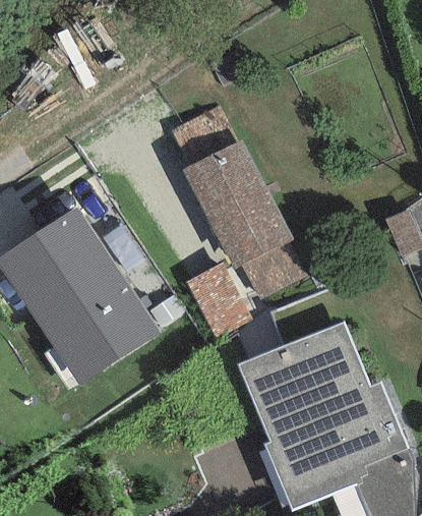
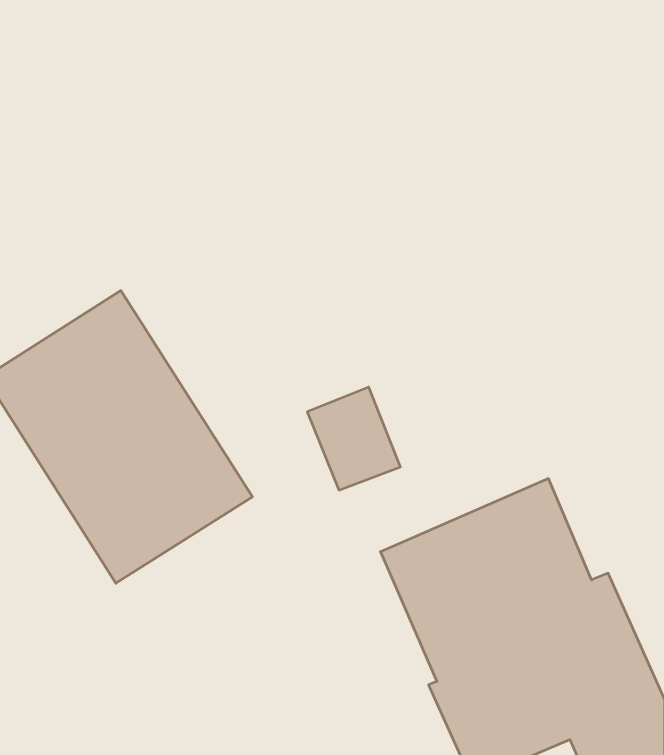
building: [171,104,302,291] -> none

